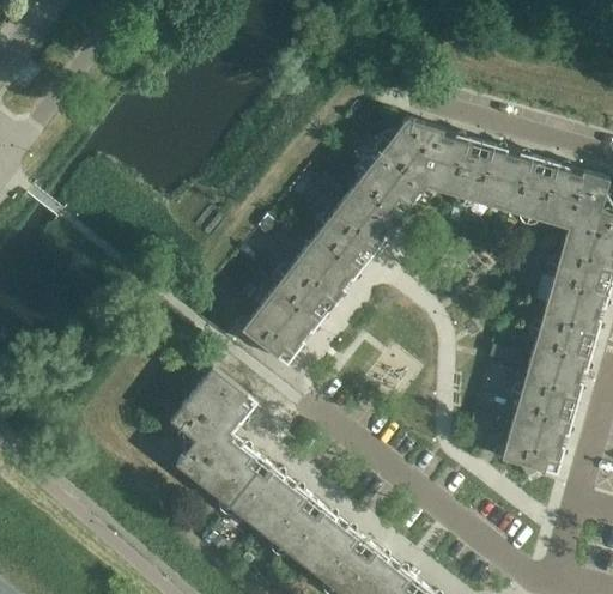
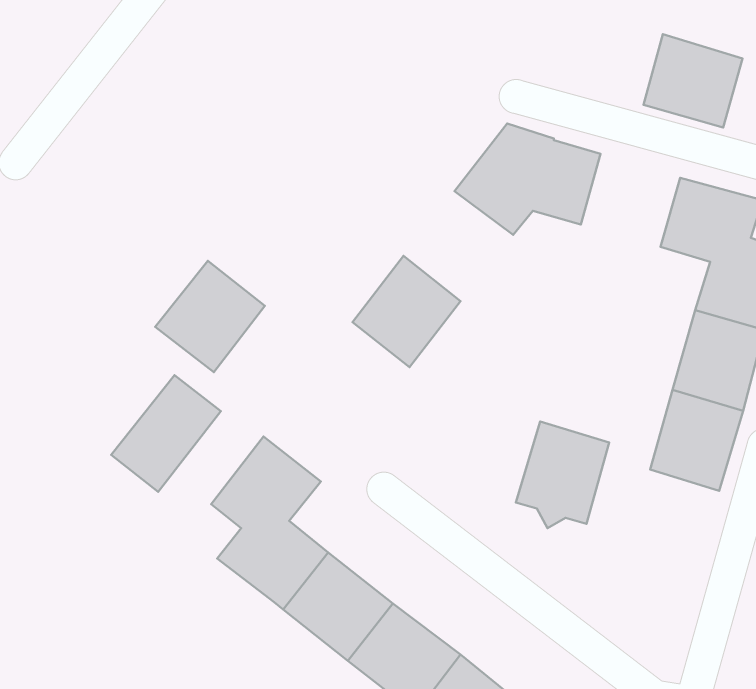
building: [463,143,542,217] -> [643,34,743,128]
building: [322,172,409,260] -> none
building: [239,277,327,365] -> [155,261,265,372]
building: none -> [111,375,221,492]
building: [499,394,573,479] -> [516,421,609,528]

